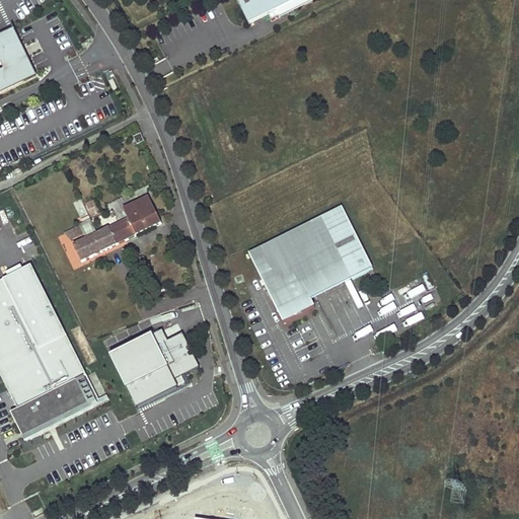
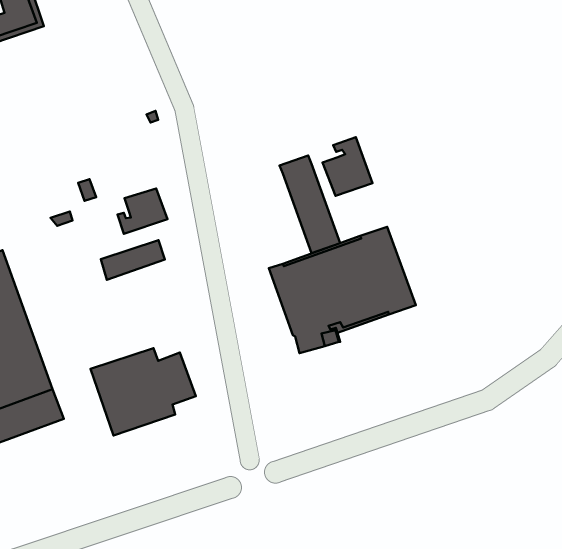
building: none -> [322,137,373,196]
building: none -> [279,156,340,253]
building: [72,221,125,258] -> [101,240,165,280]

